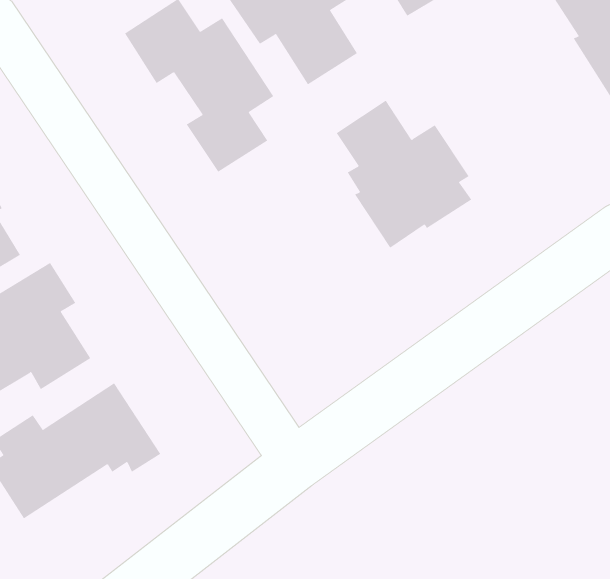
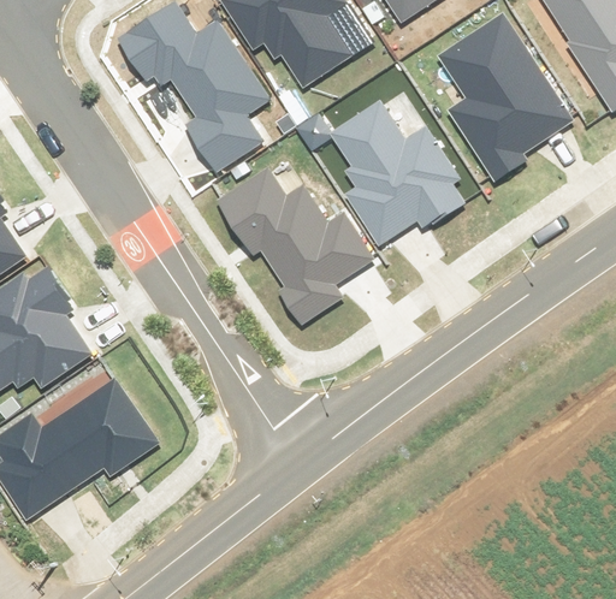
building: none -> [438,16,567,171]
building: none -> [220,168,375,324]

